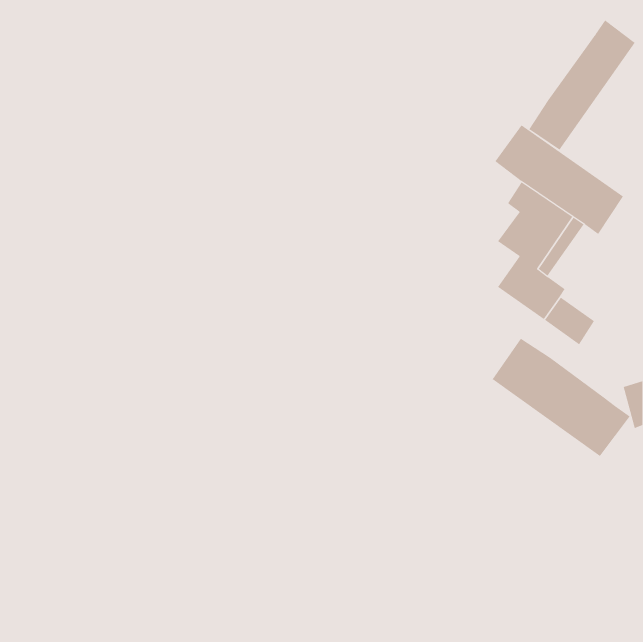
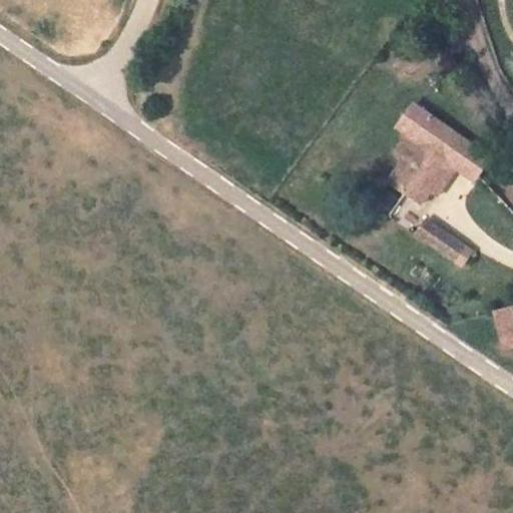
building: [528,20,636,151] -> none
building: [492,338,631,457] -> none

